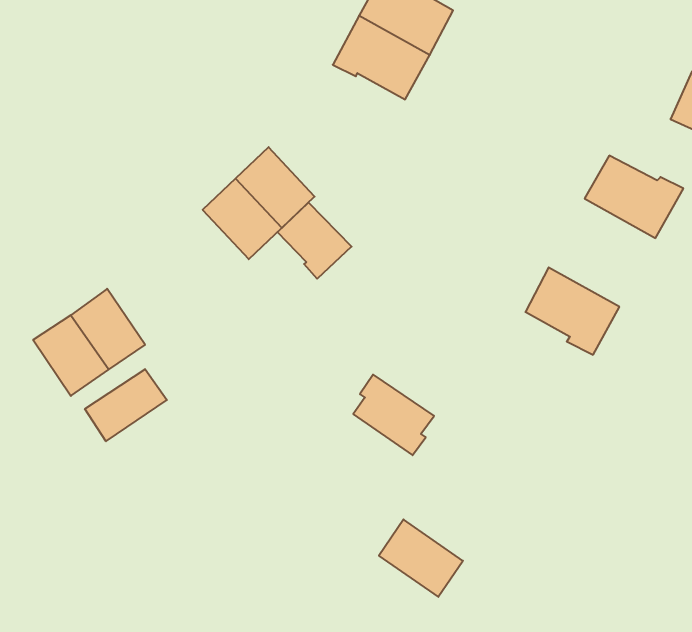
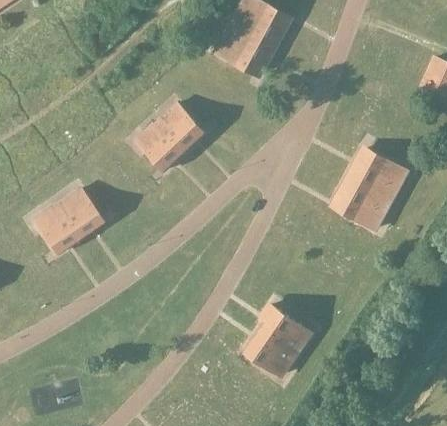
building: [585,156,683,238] -> [347,149,407,199]
building: [278,202,352,279] -> none
building: [85,369,167,441] -> none
building: [353,375,434,455] -> [259,304,308,353]

